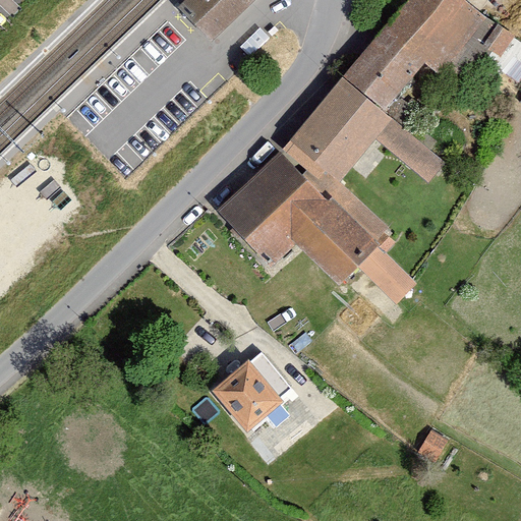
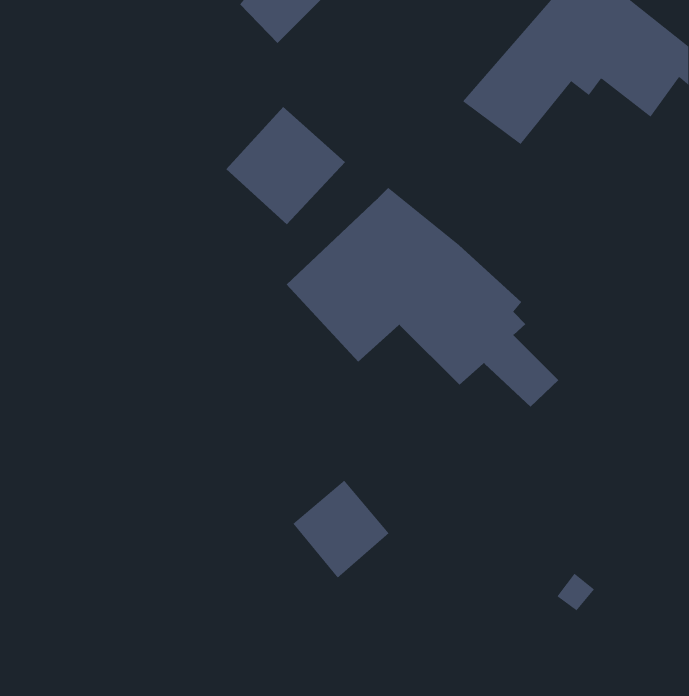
building: [289,75,443,183] -> none
building: none -> [226,106,346,225]

